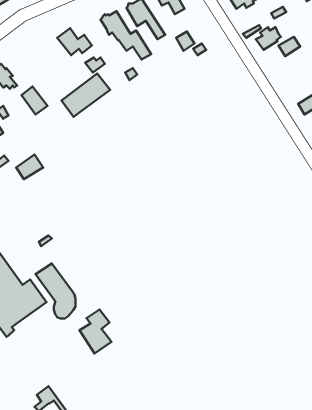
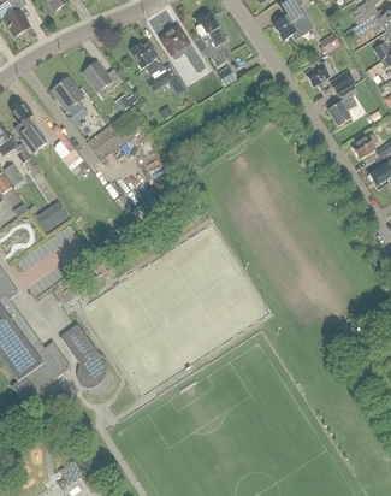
building: none -> [52,77,83,114]
building: none -> [327,84,356,125]
building: [80,309,111,353] -> none

